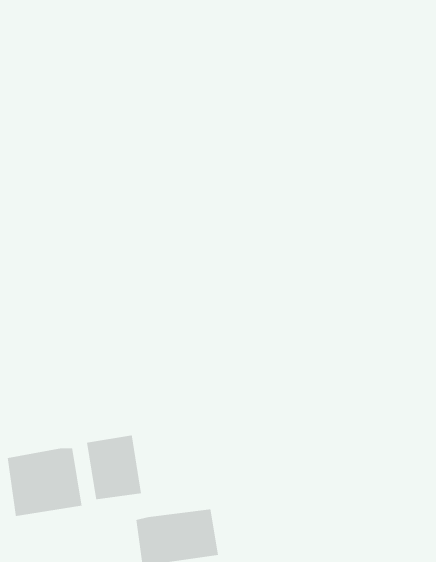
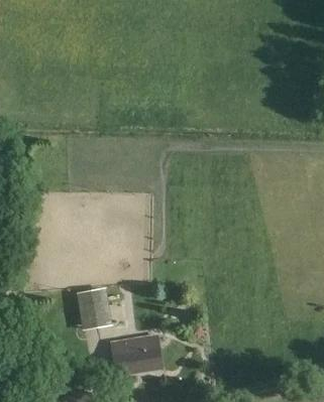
building: [7,447,82,517] -> none

